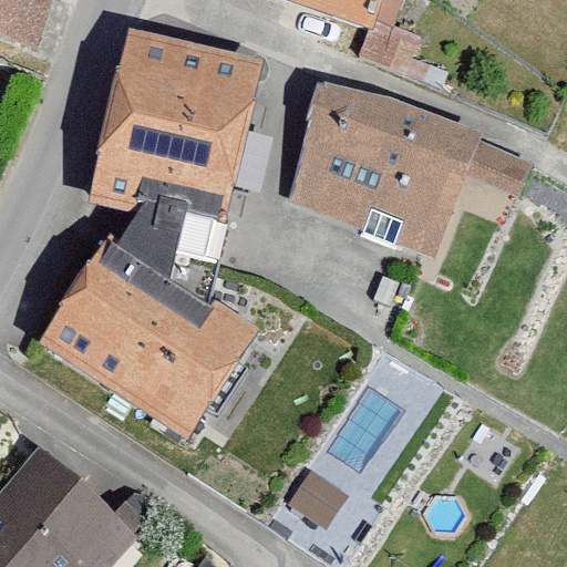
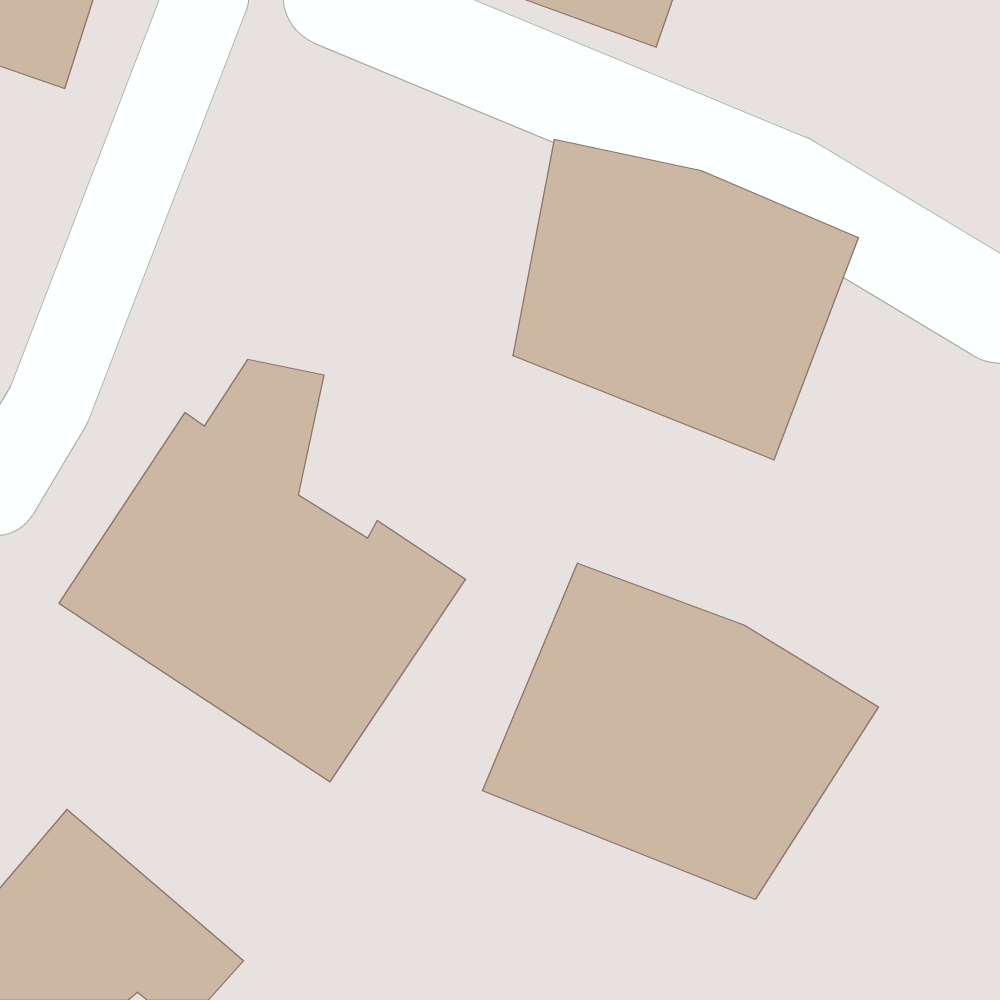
building: [93,28,261,221] -> none
building: none -> [483,563,879,899]

